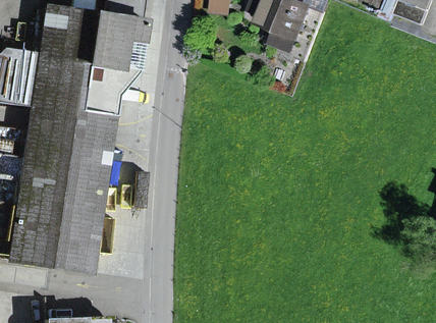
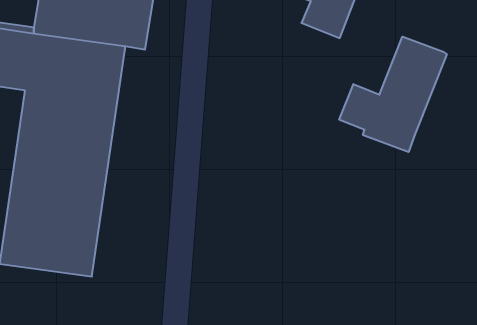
building: none -> [339,37,447,152]

